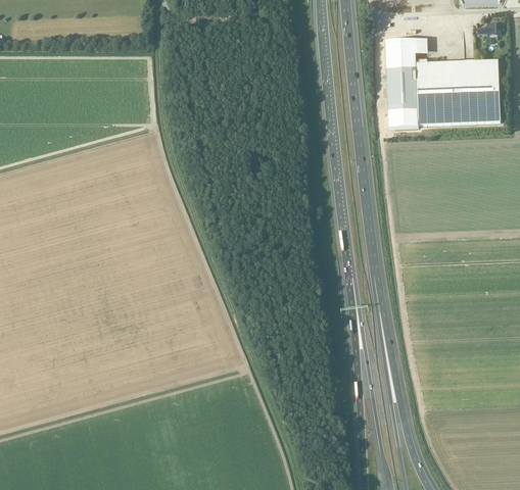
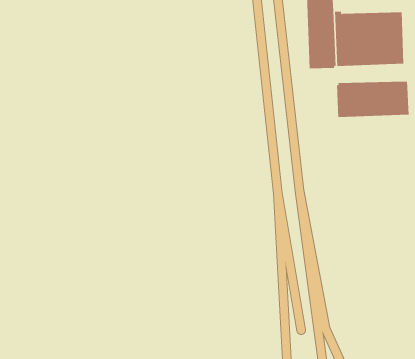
building: none -> [336,81,409,118]

